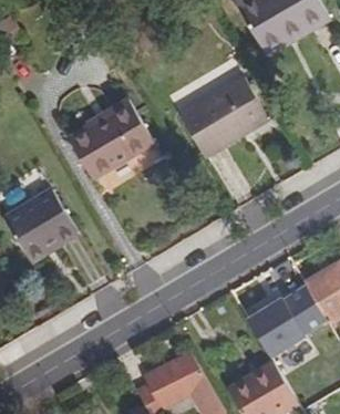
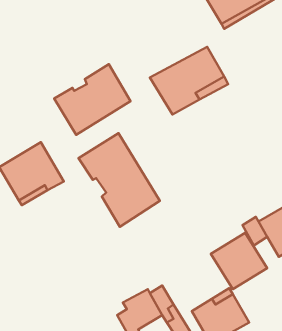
building: none -> [79,133,160,227]

